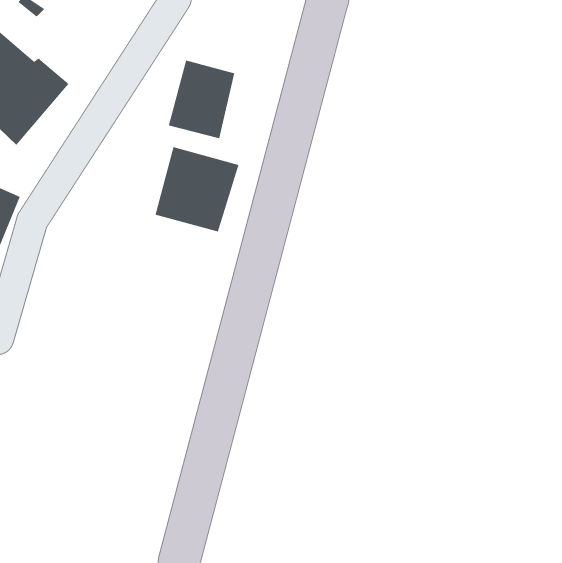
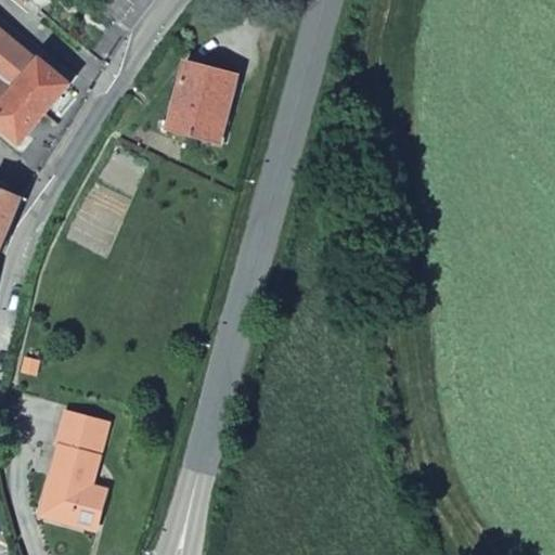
building: [154,146,240,232] -> none
building: none -> [42,415,111,529]

